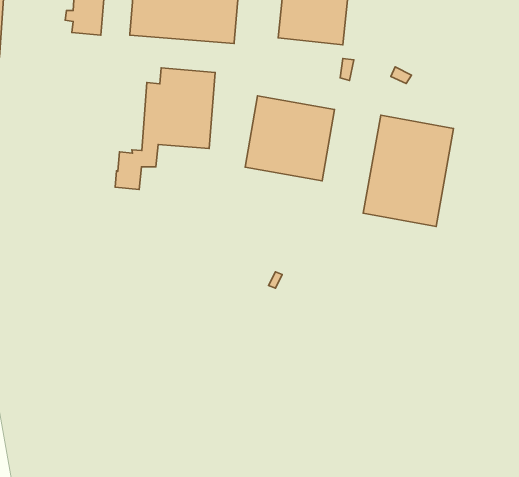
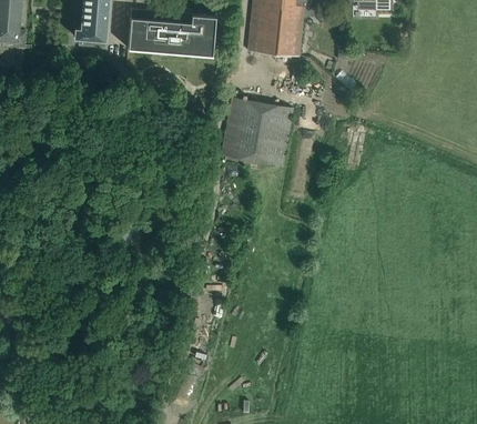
building: [115,68,215,189] -> none
building: [363,115,454,227] -> none

